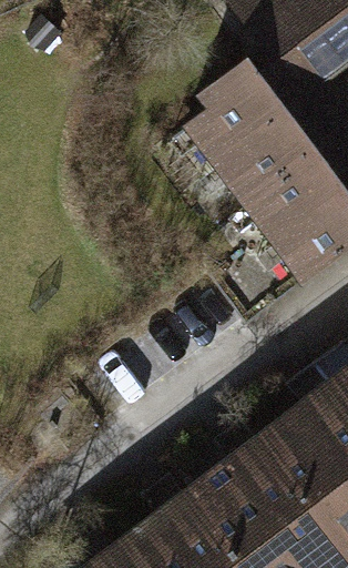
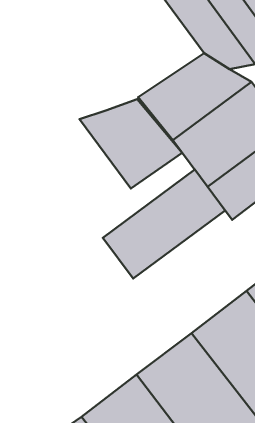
building: none -> [79,99,182,188]
building: none -> [103,170,225,279]

